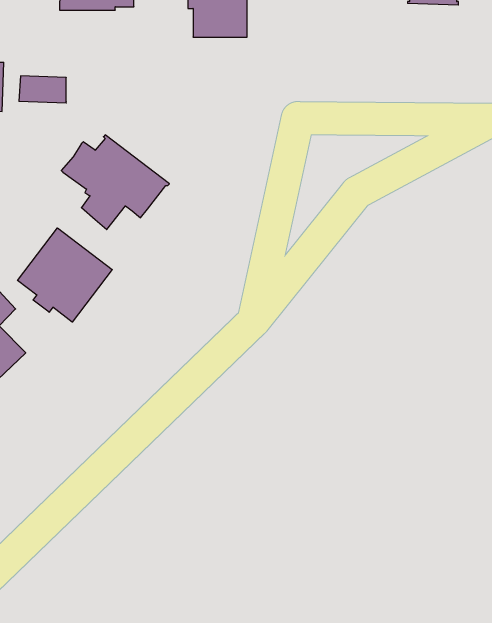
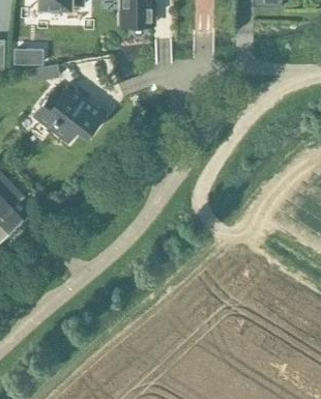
building: [18,228,112,322] -> none

